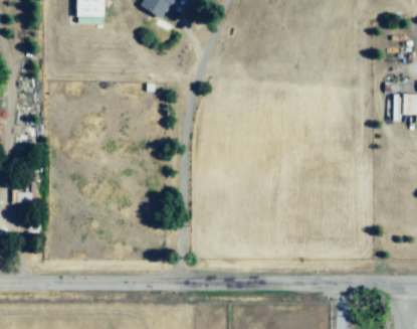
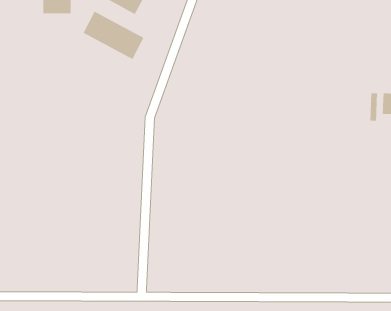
building: none -> [82,10,144,60]

